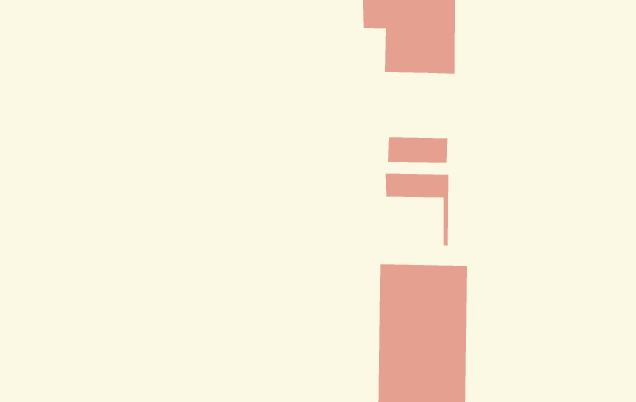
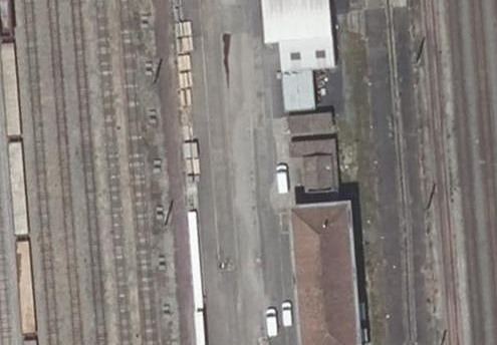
building: none -> [280,66,314,109]
building: none -> [302,154,333,192]

